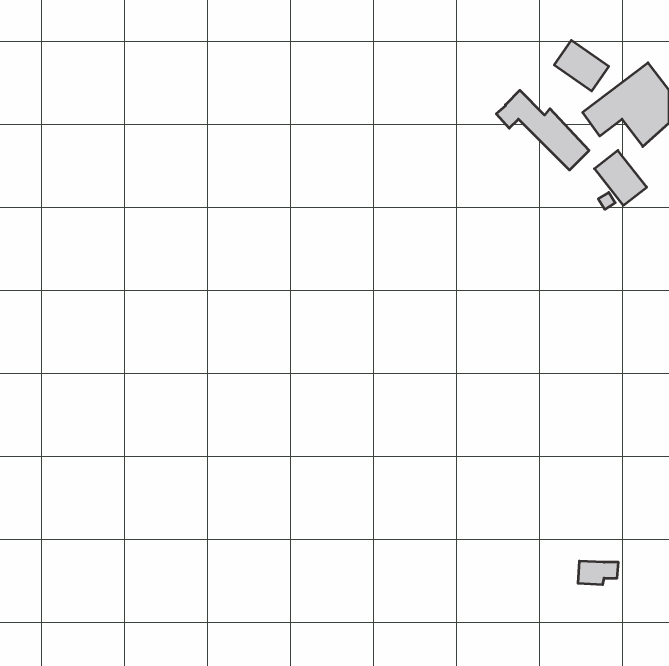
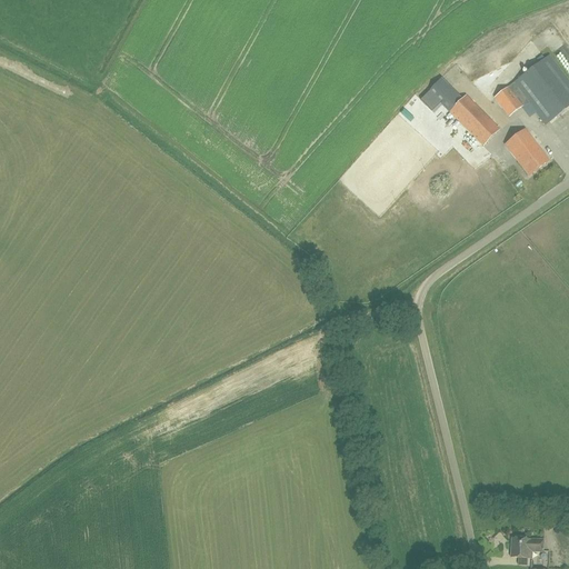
building: [554,40,609,91] -> none
building: [578,561,618,585] -> [510,537,545,557]

